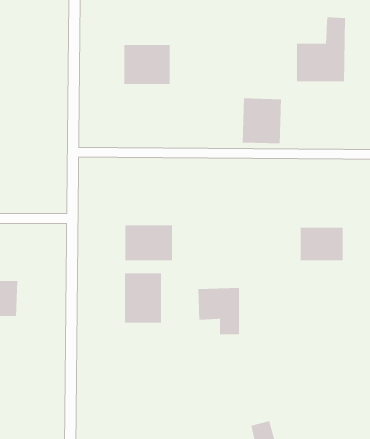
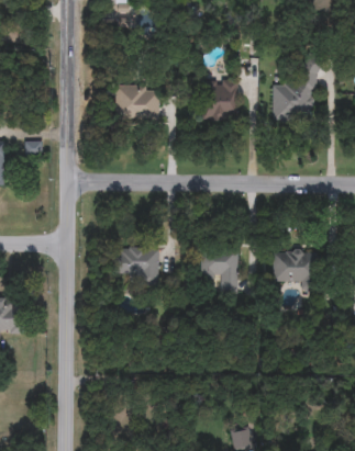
building: [242,98,282,144] -> [201,79,237,121]
building: [125,273,162,323] -> none
building: [197,288,240,335] -> [200,250,238,293]

